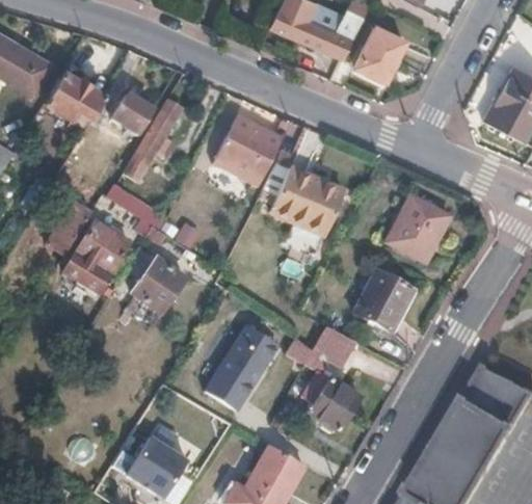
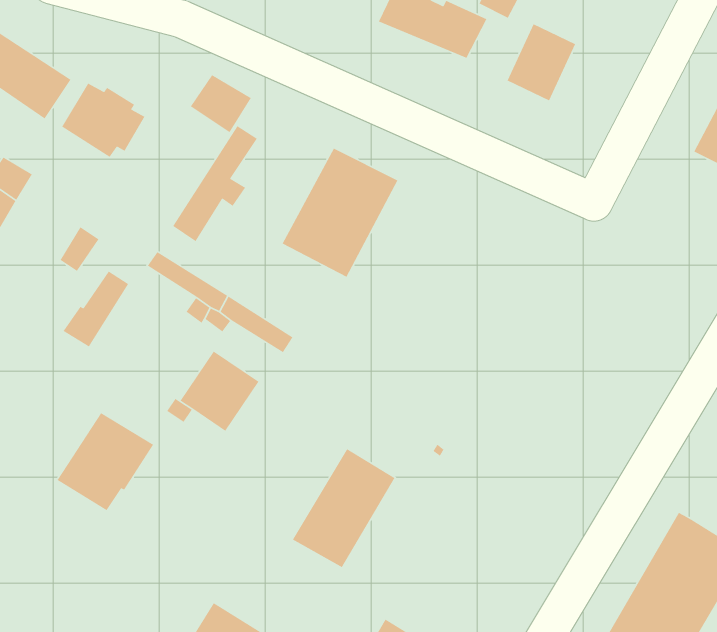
building: [109,95,153,136] -> [190,74,252,133]
building: [269,168,343,234] -> none
building: [392,197,455,264] -> none
building: [60,219,129,289] -> [56,412,154,511]
building: [349,267,419,336] -> none
building: [307,325,356,371] -> none
building: [309,375,364,430] -> none

